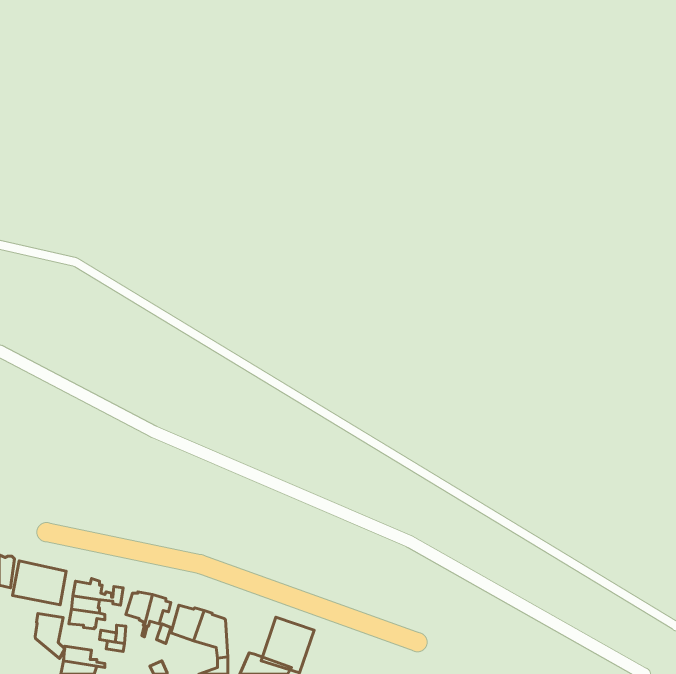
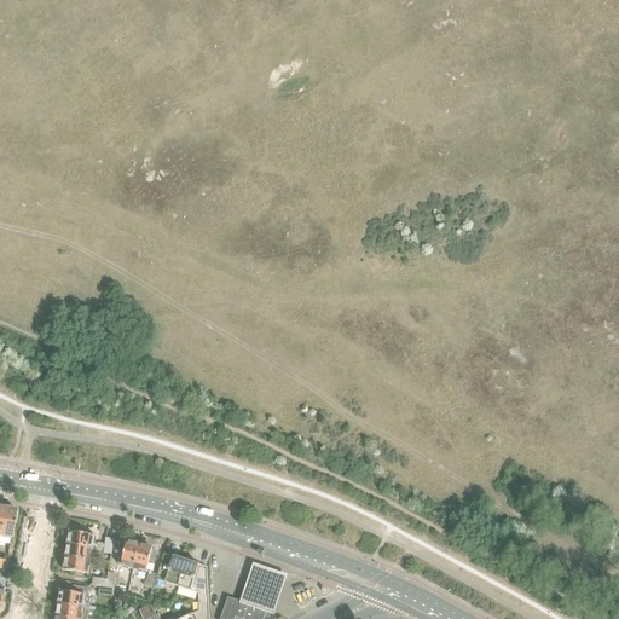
building: [12,561,66,605] -> none
building: [35,613,65,658] -> none

